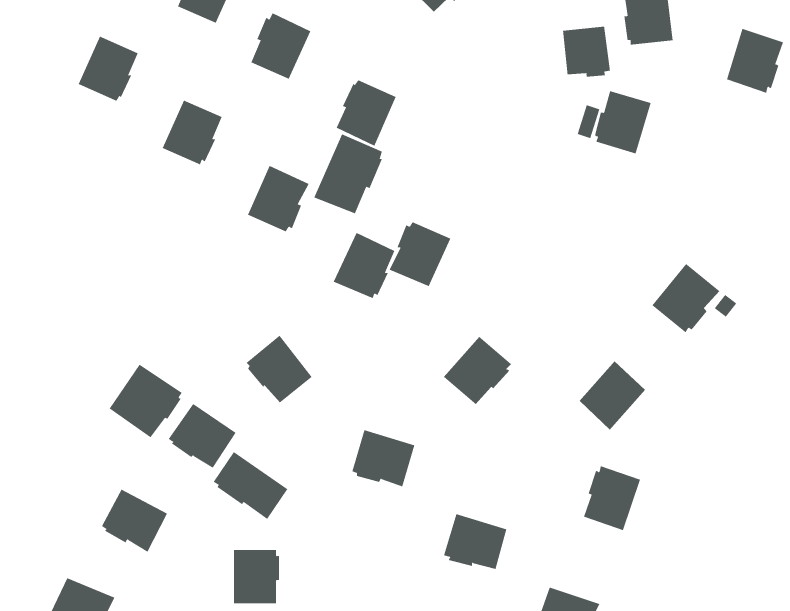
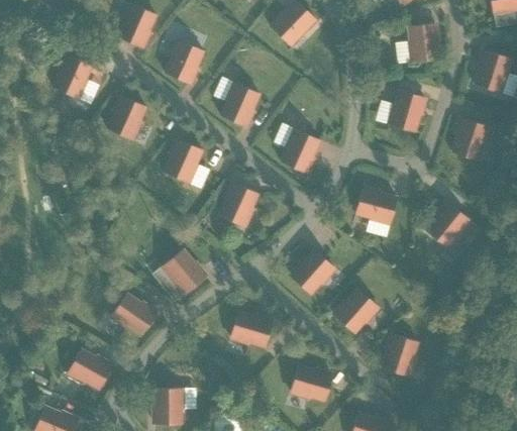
building: [563,26,610,77] -> none
building: [314,133,383,214] -> none
building: none -> [452,119,490,160]
building: [389,221,451,287] -> [281,130,321,173]
building: none -> [356,188,397,225]
building: [579,360,646,430] -> [335,289,379,334]
building: [109,364,183,438] -> none
building: [213,451,288,520] -> none

